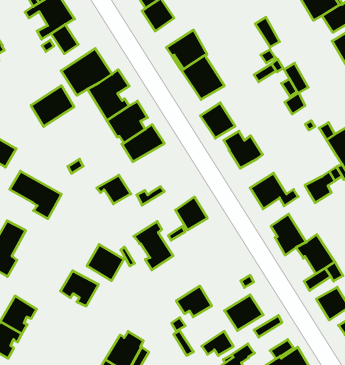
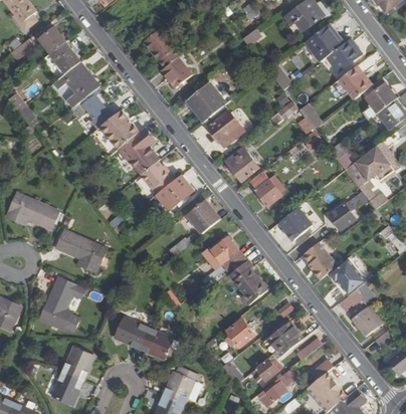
building: [31,86,74,127] -> none
building: [97,175,131,204] -> [186,200,218,227]
building: [134,221,173,270] -> [228,259,266,304]
building: [87,244,124,281] -> [140,327,173,359]

